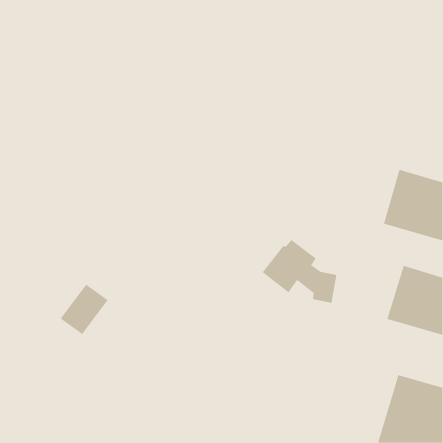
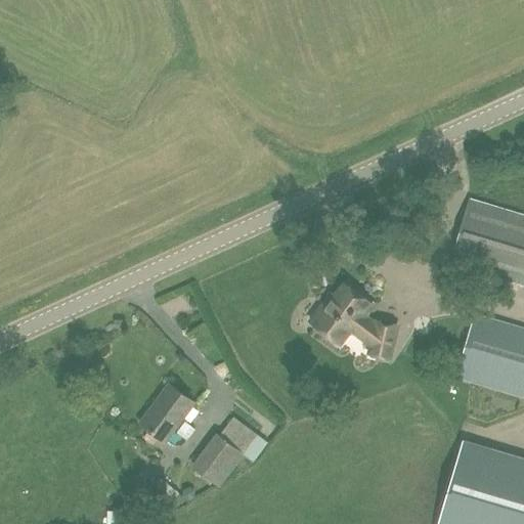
building: [60,284,108,335] -> [139,383,196,443]
building: none -> [191,417,259,487]

